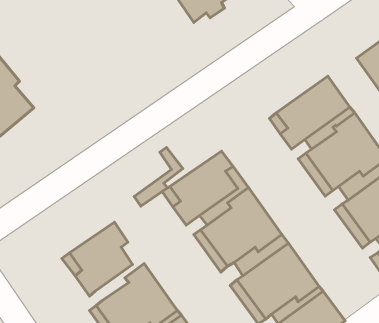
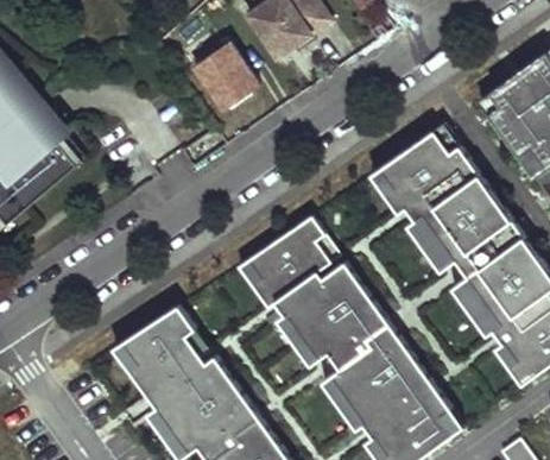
building: none -> [189,38,263,113]
building: [134,148,183,206] -> [153,329,214,402]

